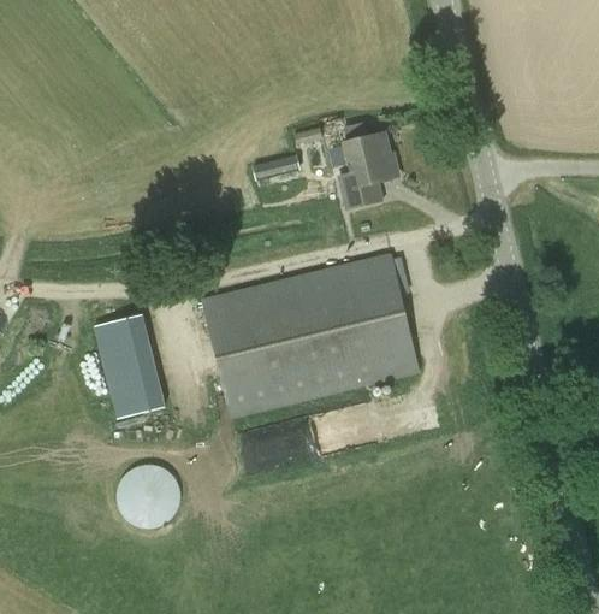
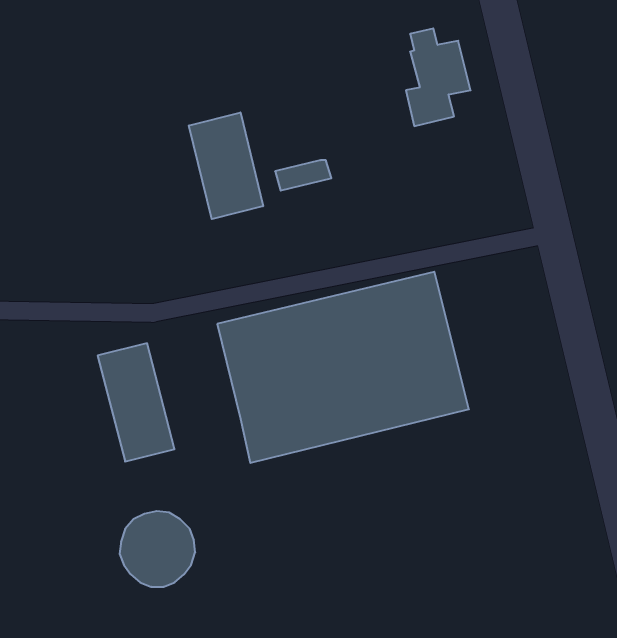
building: none -> [189,112,263,219]
building: [339,122,396,207] -> [406,28,471,126]

